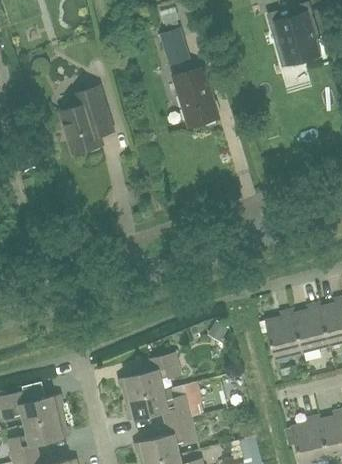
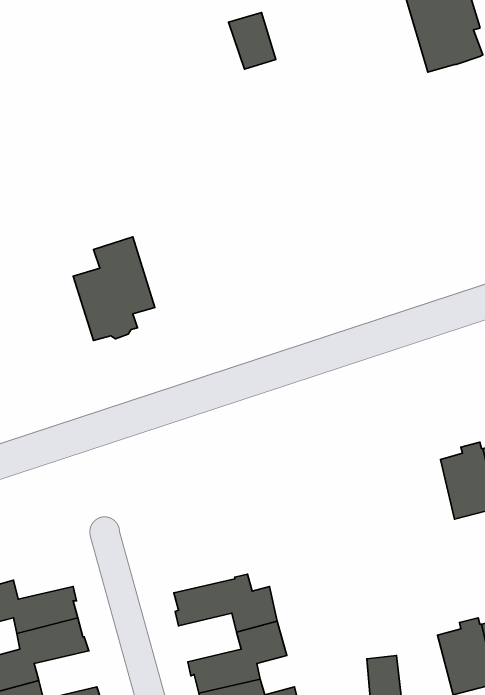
building: [172,66,219,127] -> none
building: [60,86,112,152] -> [73,237,155,340]
building: [267,308,303,358] -> none
building: [117,352,180,398] -> none

